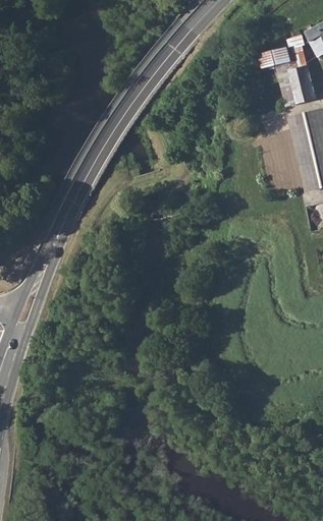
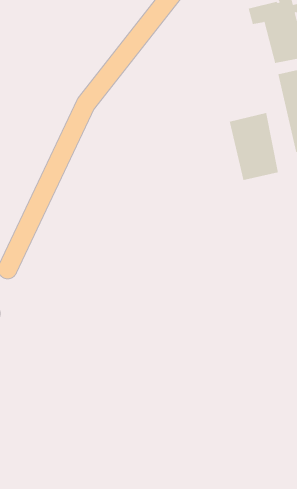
building: none -> [229,112,279,181]

